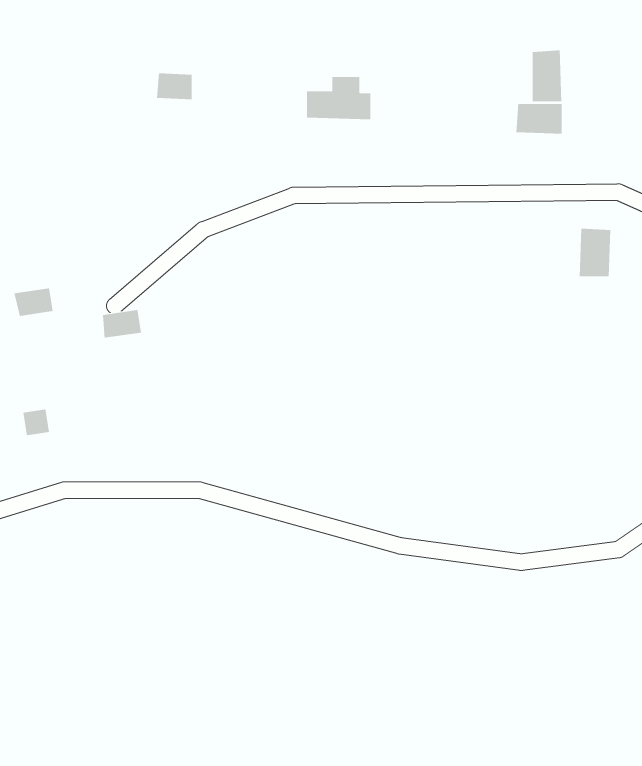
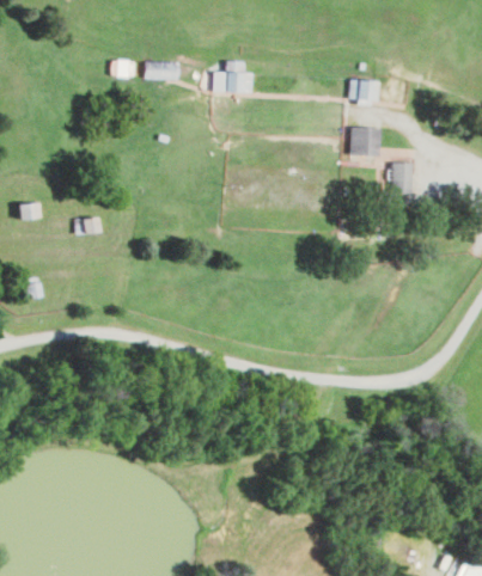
building: [532,50,562,102] -> none
building: none -> [145,62,178,80]
building: none -> [350,128,382,157]

